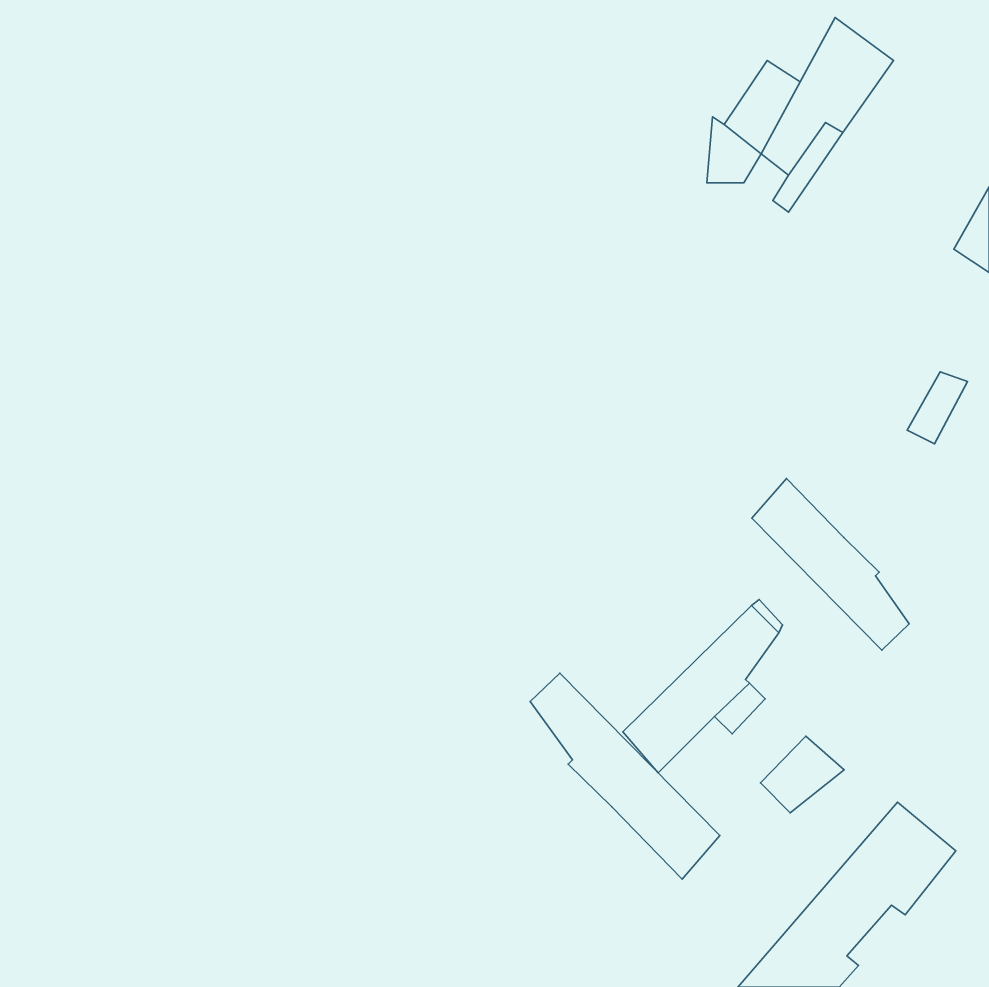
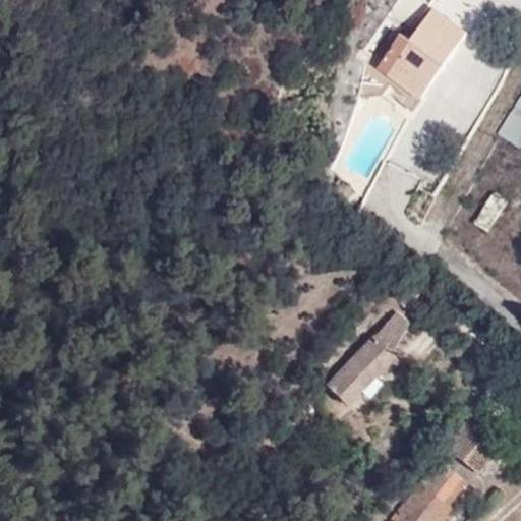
building: [752,479,909,650] -> none
building: [530,673,720,879] -> none
building: [760,736,844,813] -> none

